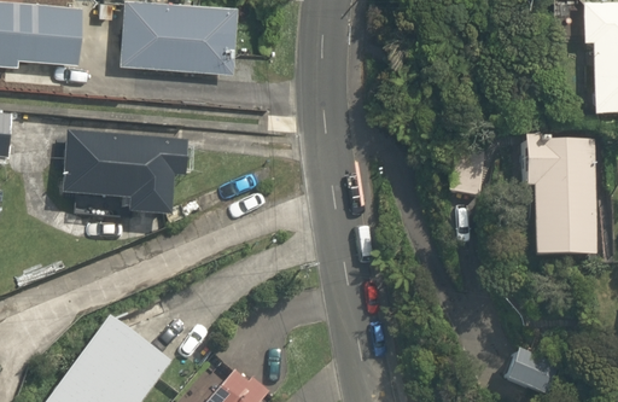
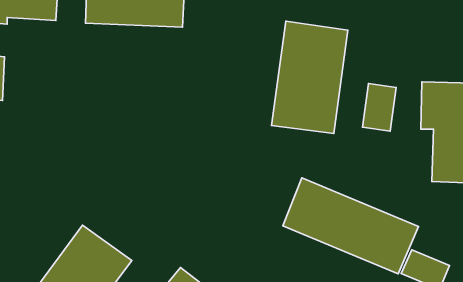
building: none -> [272,21,348,133]
building: [60,126,186,225] -> none
building: none -> [283,178,418,274]

